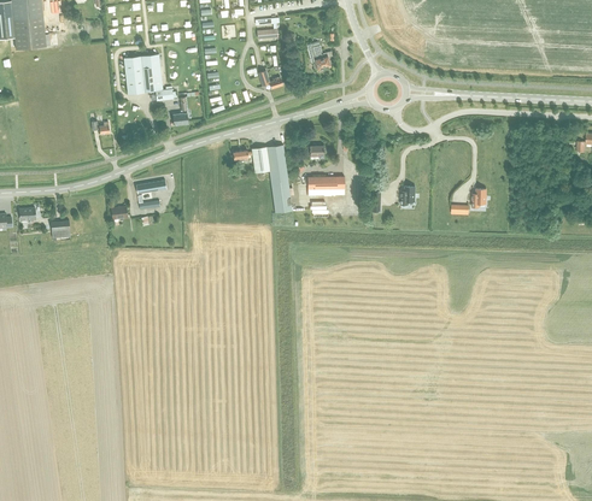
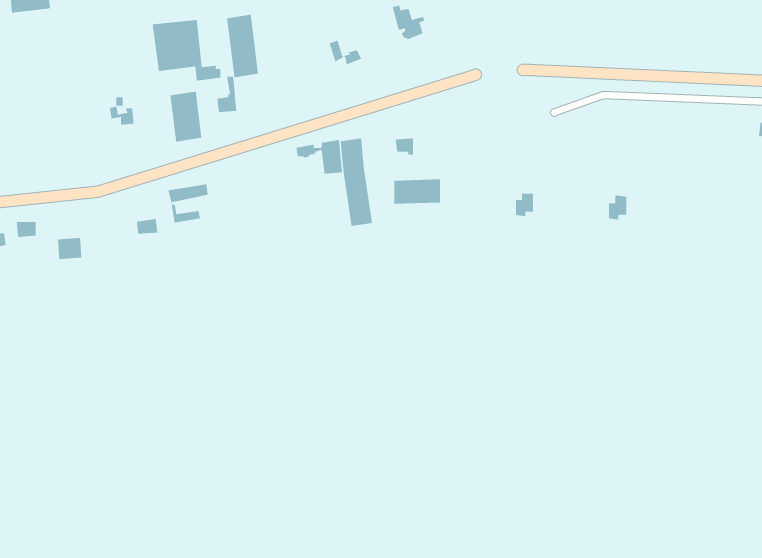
building: none -> [227,14,259,78]
building: none -> [170,91,202,142]

